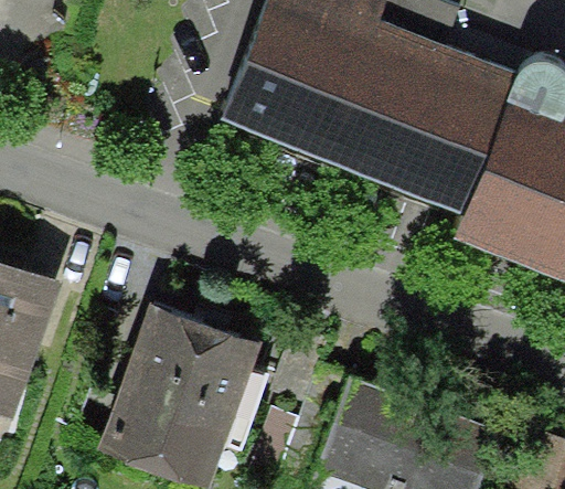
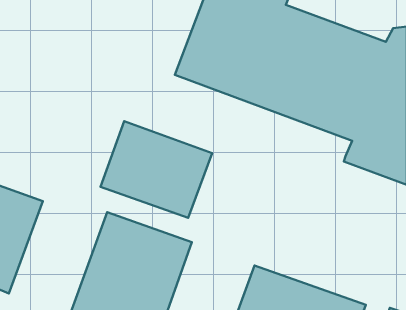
building: none -> [101,121,212,218]

